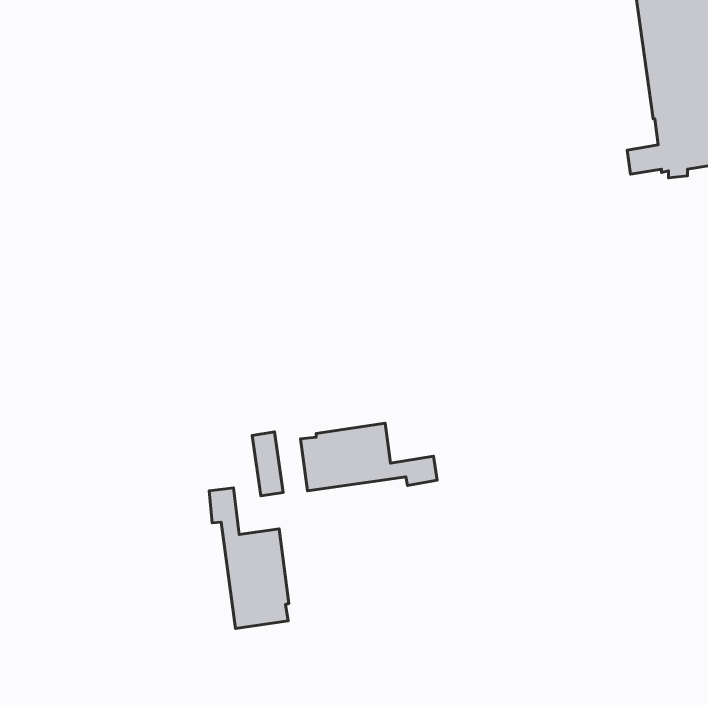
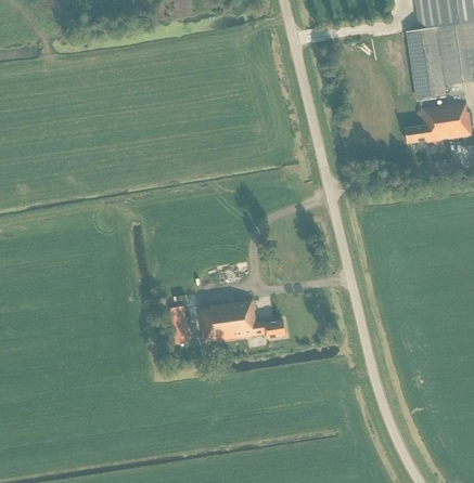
building: [209,488,289,628] -> none

